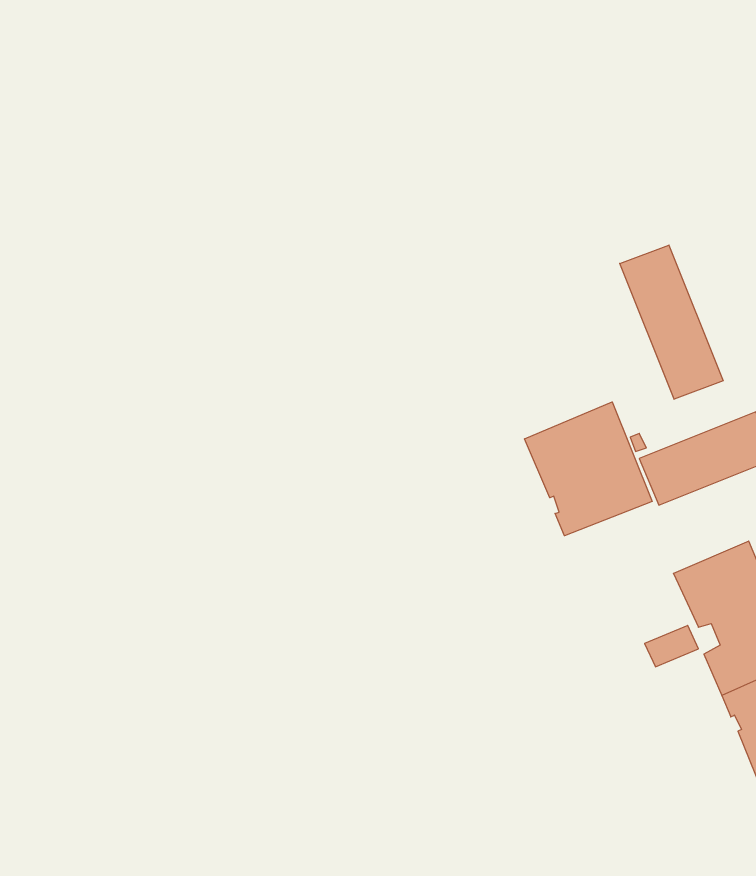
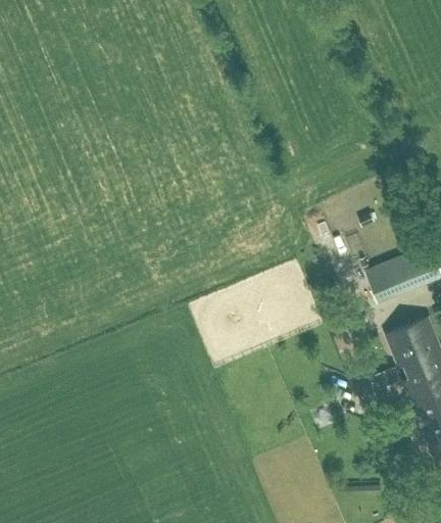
building: [620,245,723,399] -> none
building: [525,402,652,536] -> none

